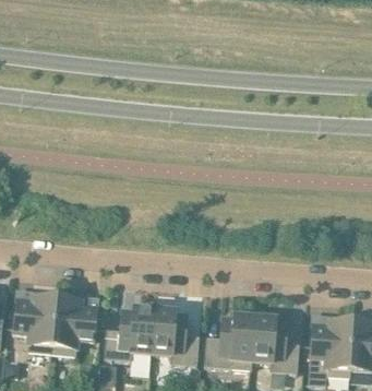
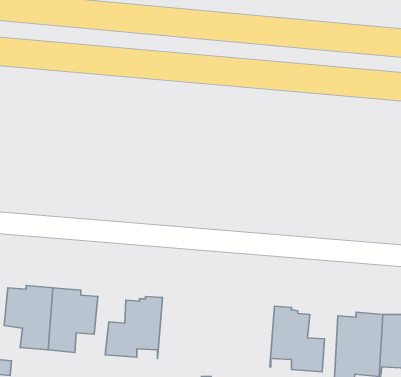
building: [149,306,199,365] -> none
building: [203,312,254,368] -> none

